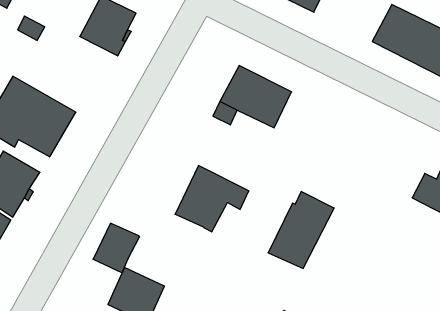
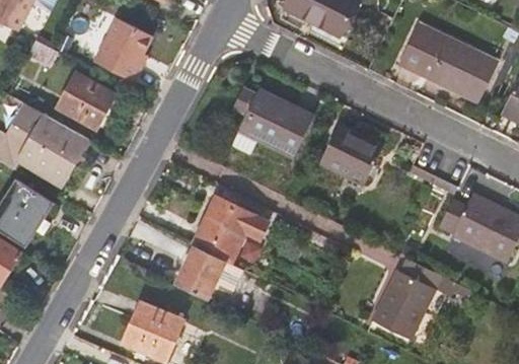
building: none -> [59,71,115,125]
building: none -> [322,125,385,184]
building: [268,192,334,268] -> [375,259,444,339]
building: [93,223,140,273] -> [175,245,224,297]

